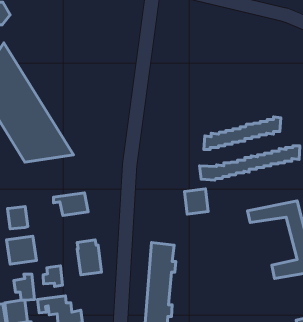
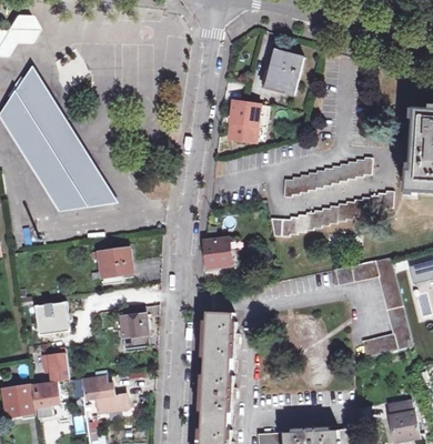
building: none -> [264,51,303,97]
building: none -> [226,102,255,142]
building: [185,189,208,214] -> [203,238,232,269]
building: [7,206,28,229] -> none
building: [43,266,62,287] -> none

